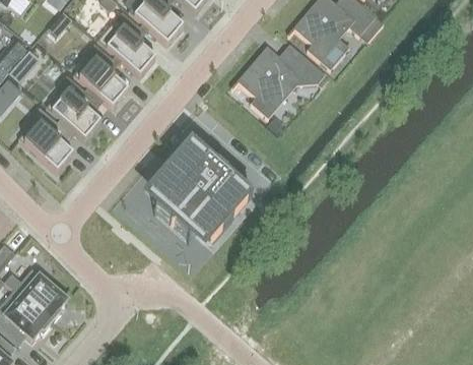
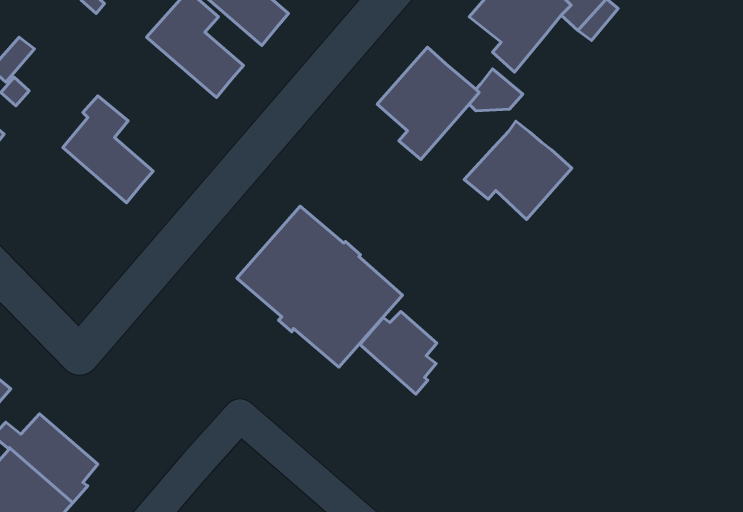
building: [74,46,129,108] -> none
building: none -> [464,121,572,220]
building: [19,107,74,172] -> none
building: none -> [359,312,437,394]

